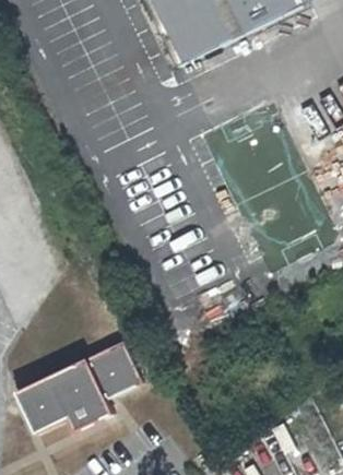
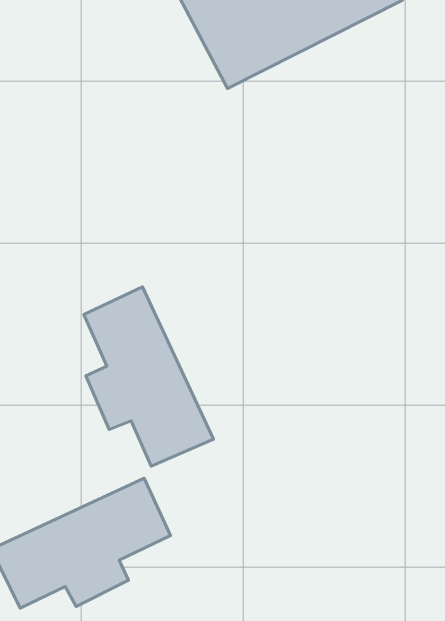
building: none -> [84,287,214,466]

